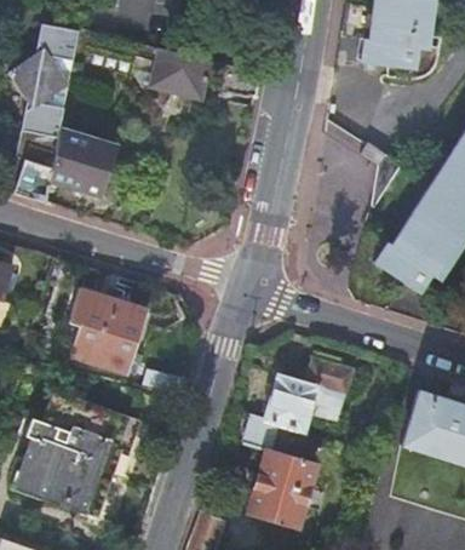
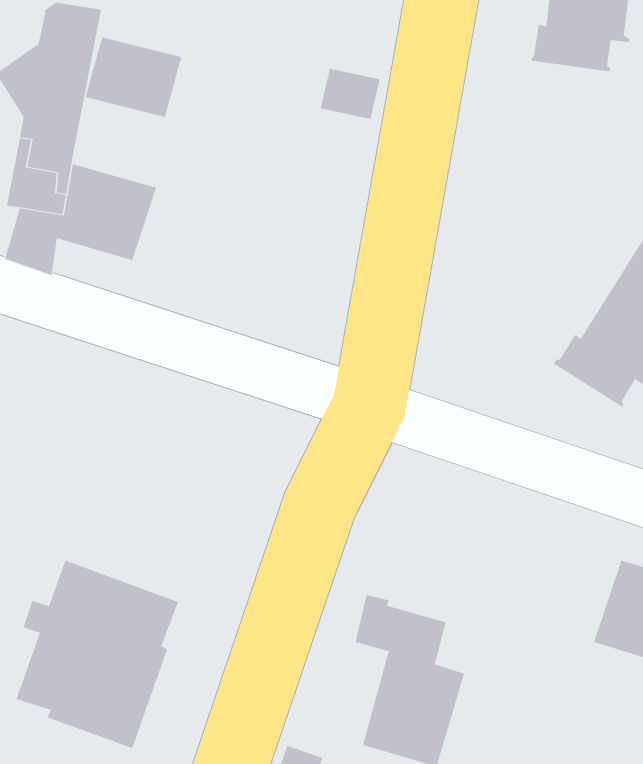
building: [148,48,212,102] -> [85,37,182,117]
building: [68,292,144,373] -> none
building: [266,349,355,432] -> none

